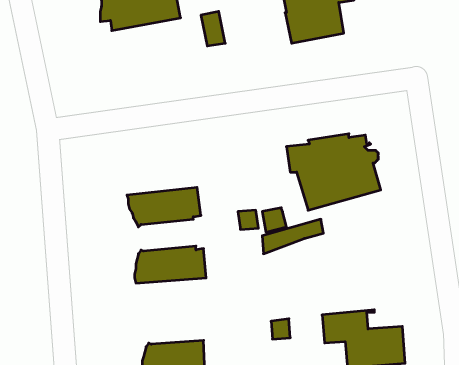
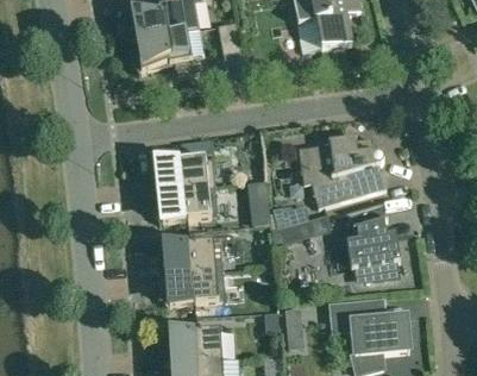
building: none -> [127,26,200,74]
building: none -> [149,153,214,192]
building: none -> [346,201,400,278]
building: none -> [157,269,225,303]

